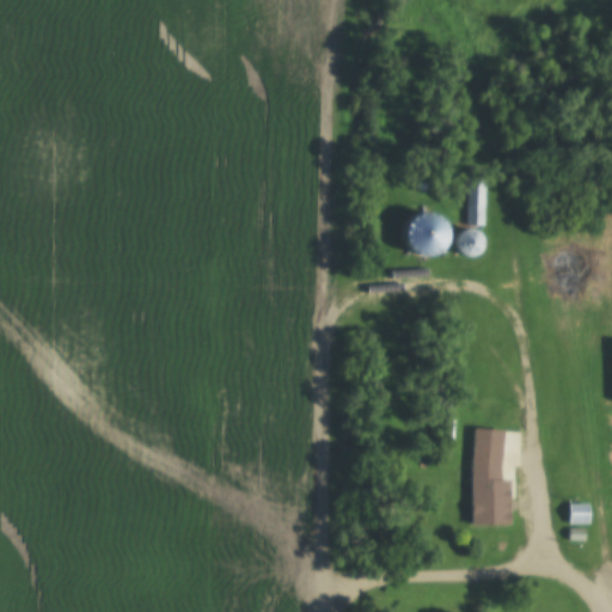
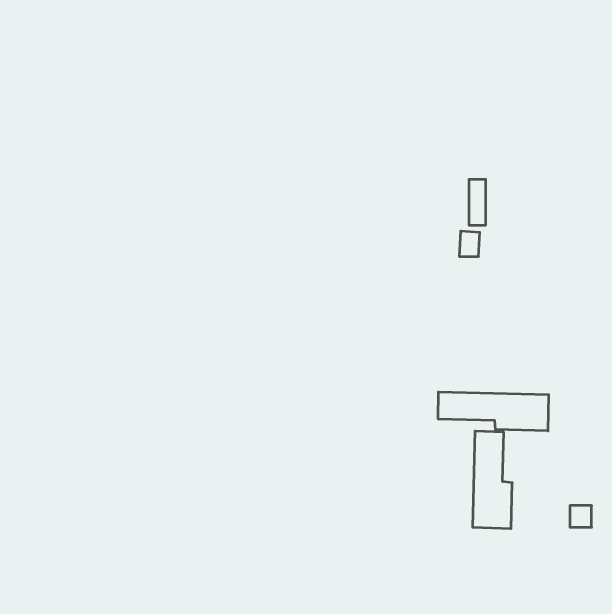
building: [410,213,446,256] -> none
building: none -> [438,392,549,431]

